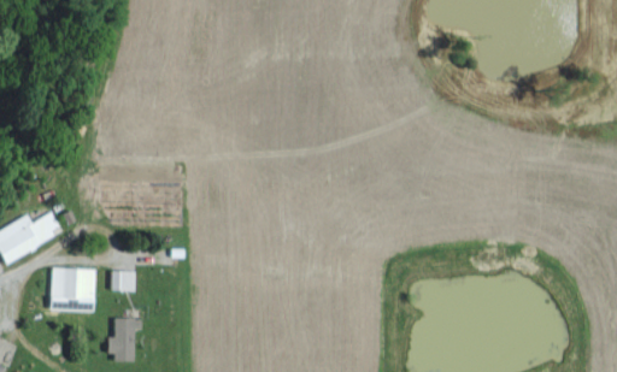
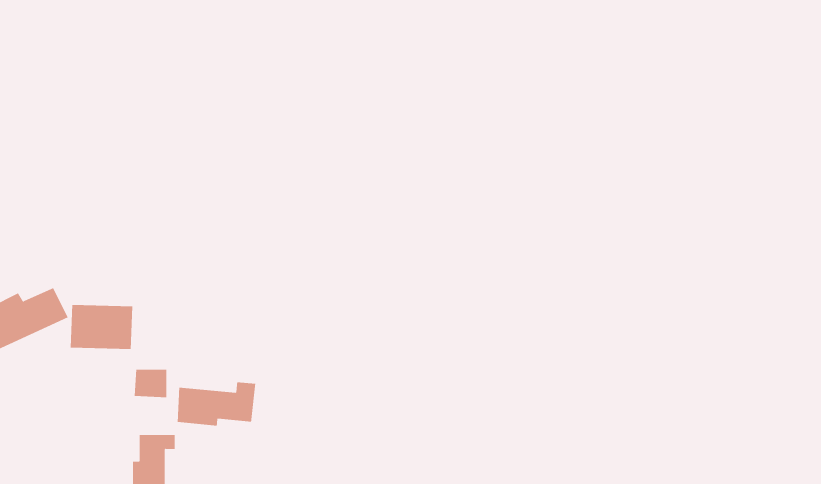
building: [51,268,96,301] -> [70,304,133,349]
building: none -> [177,381,256,426]

